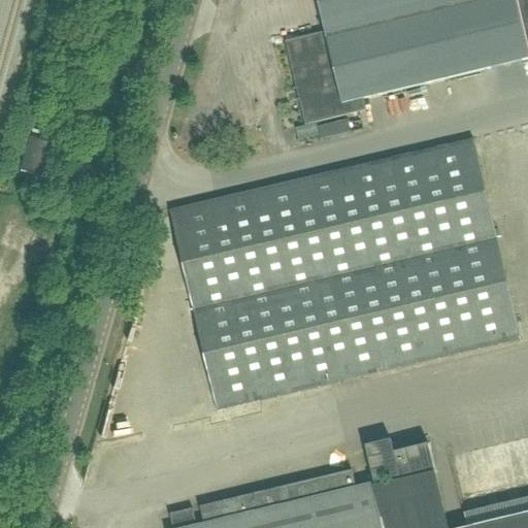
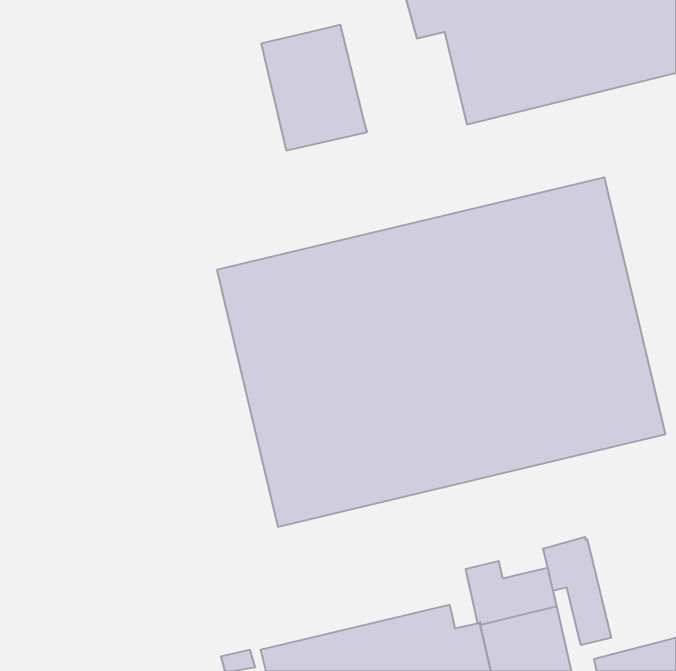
building: [285,25,367,123] -> [261,25,367,151]
building: [19,138,47,176] -> none
building: none -> [543,537,611,645]

